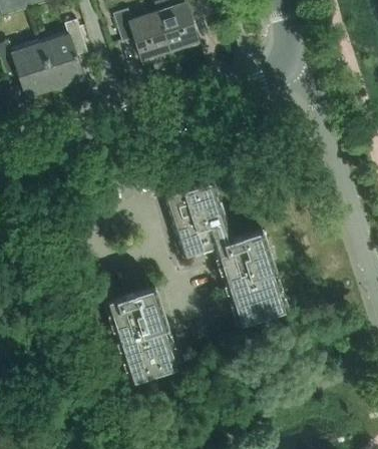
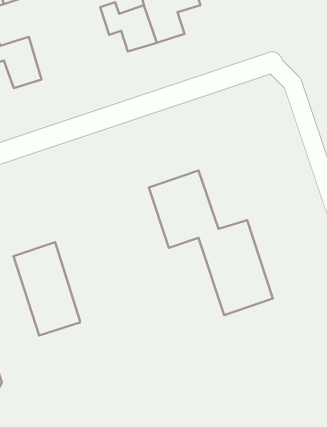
building: [41,19,87,87] -> none
building: [108,287,175,381] -> [13,242,80,335]

